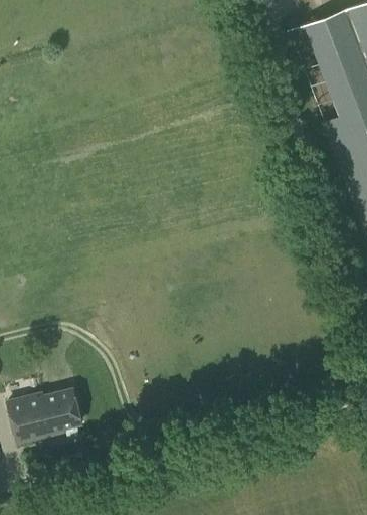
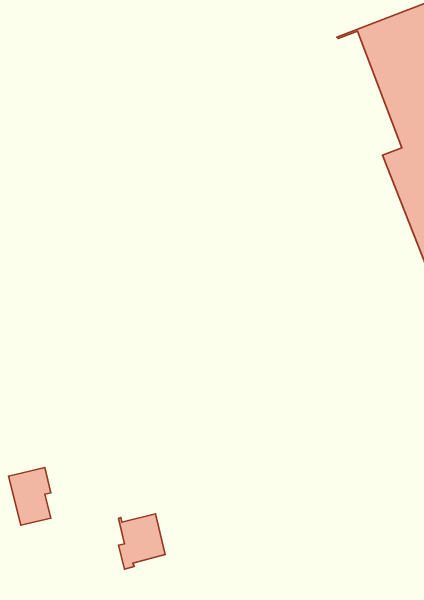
building: [42,388,81,435] -> [118,514,165,569]

